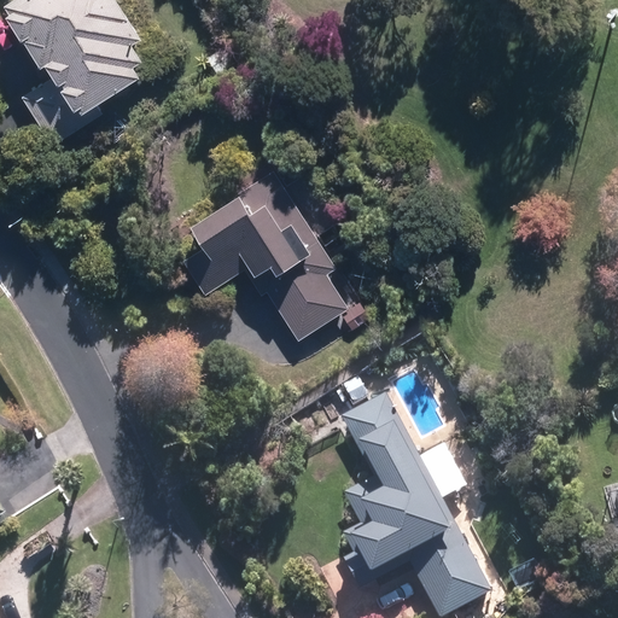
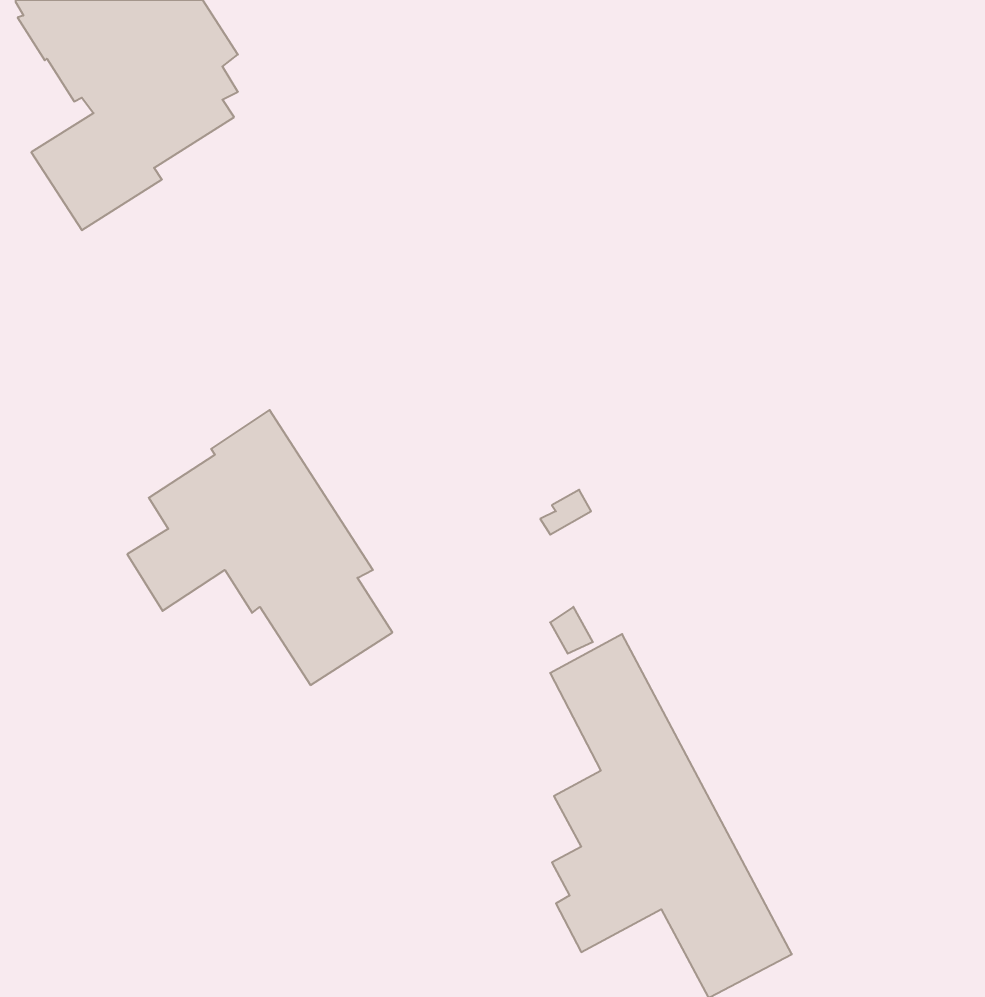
building: [183,168,348,338] -> [127,410,392,685]

